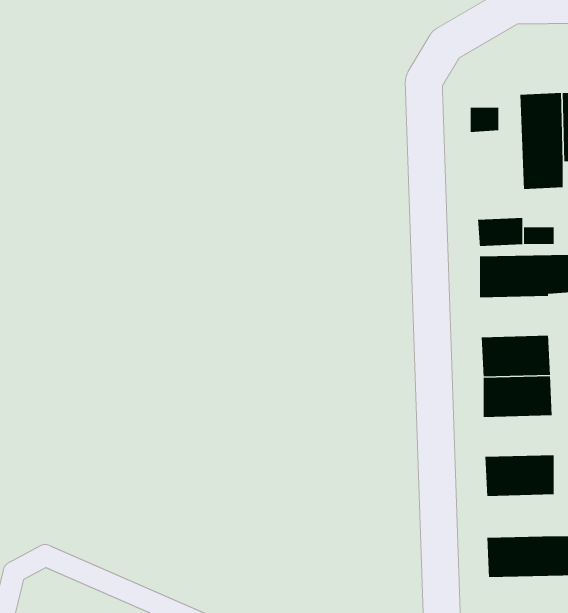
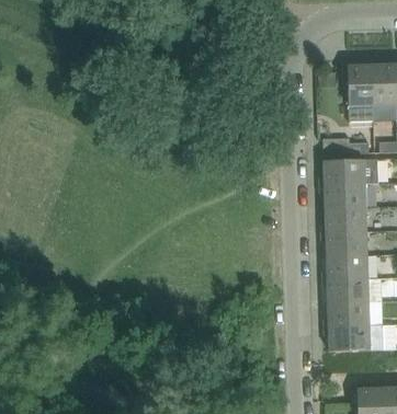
building: none -> [324,184,365,208]
building: none -> [326,255,368,279]
building: none -> [328,302,370,327]

